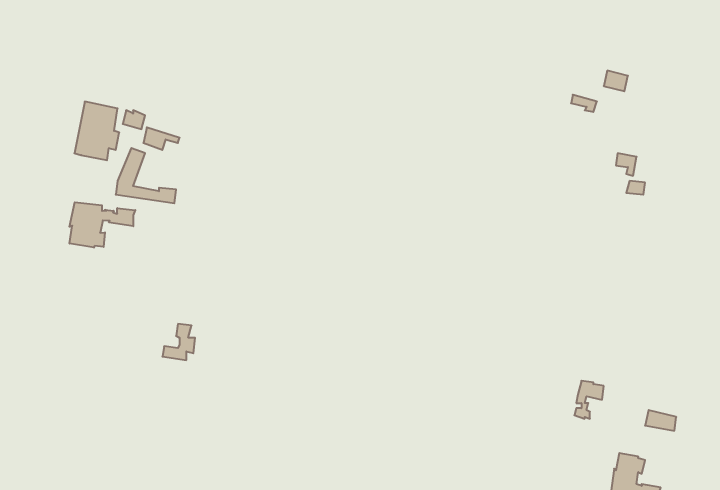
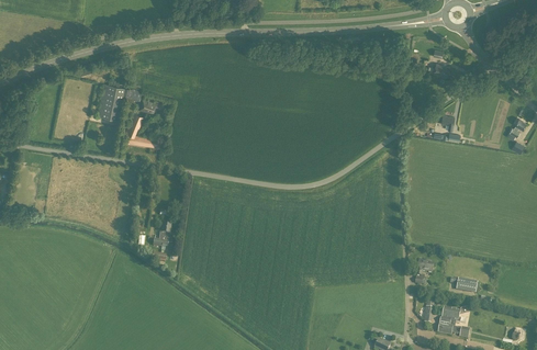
building: [69,202,135,248] -> none

